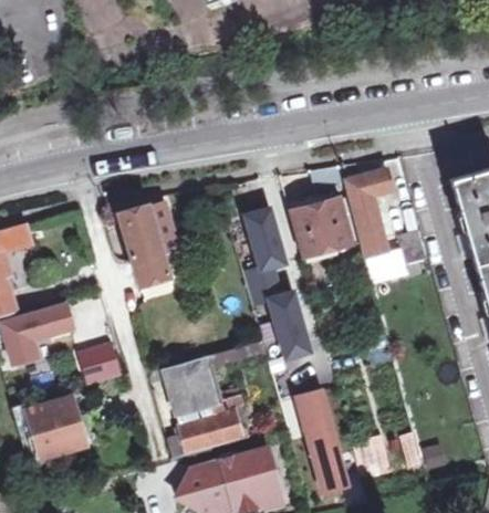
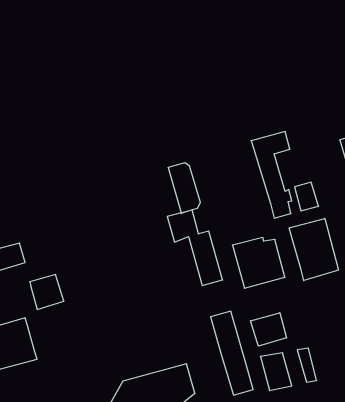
building: [289,197,352,258] -> [232,238,285,288]
building: [123,206,169,289] -> none
building: none -> [289,218,339,281]
building: [166,341,267,458] -> none
building: none -> [250,313,287,346]

